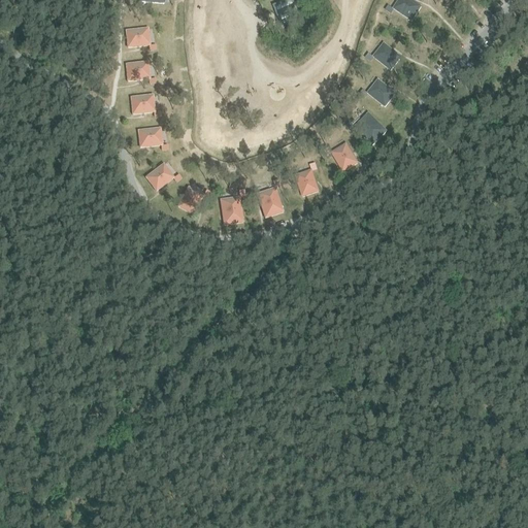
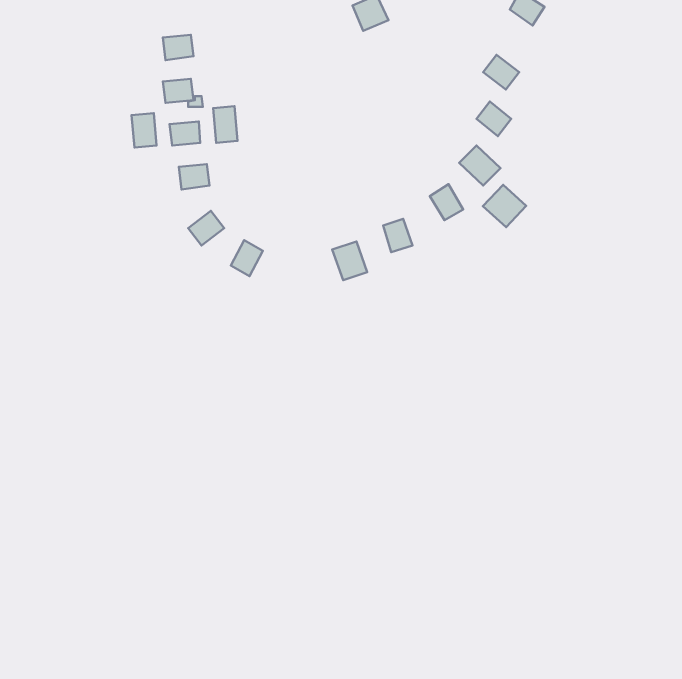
building: none -> [213,106,238,143]
building: none -> [132,113,157,148]
building: none -> [483,185,526,227]
building: [221,196,243,224] -> none

